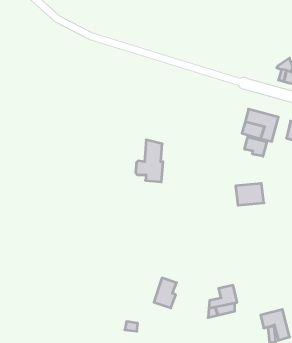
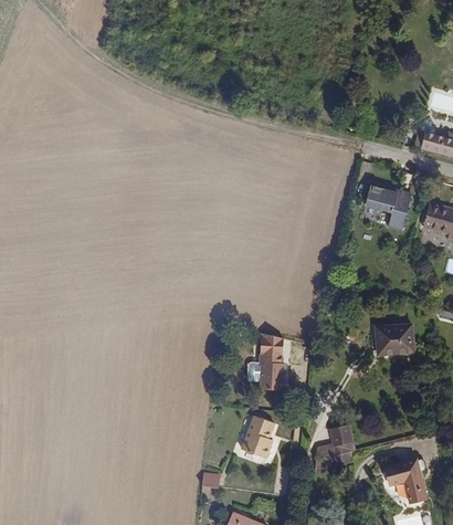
building: [245,137,267,156] -> none
building: [136,140,163,182] -> [246,332,284,389]
building: [236,183,264,205] -> [377,324,415,354]

